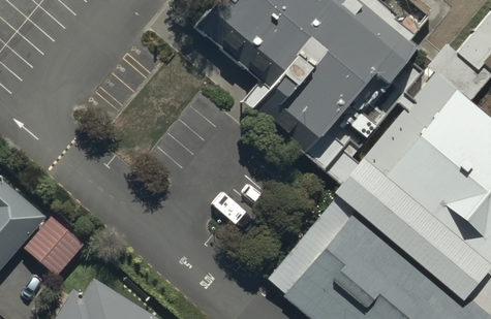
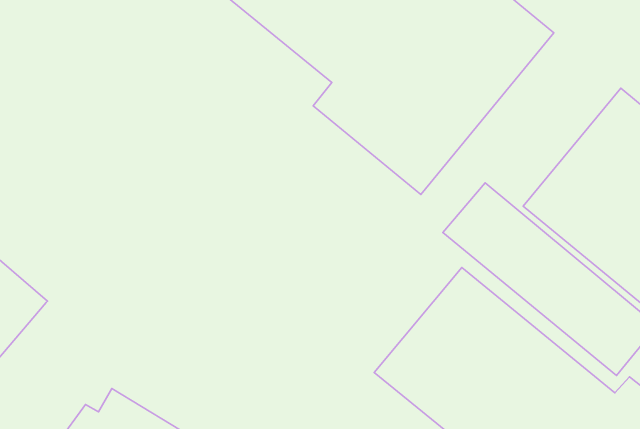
building: [25,219,85,280] -> none

